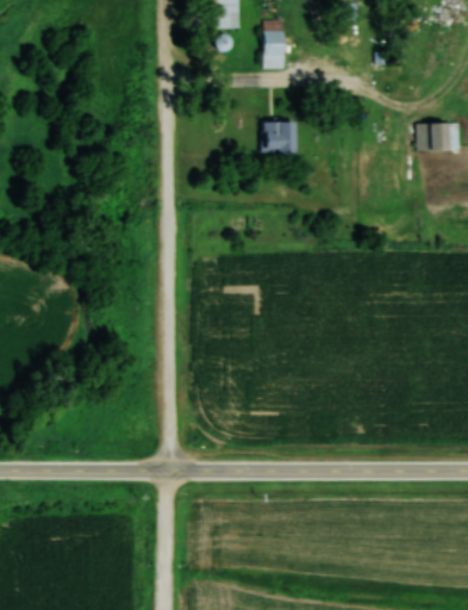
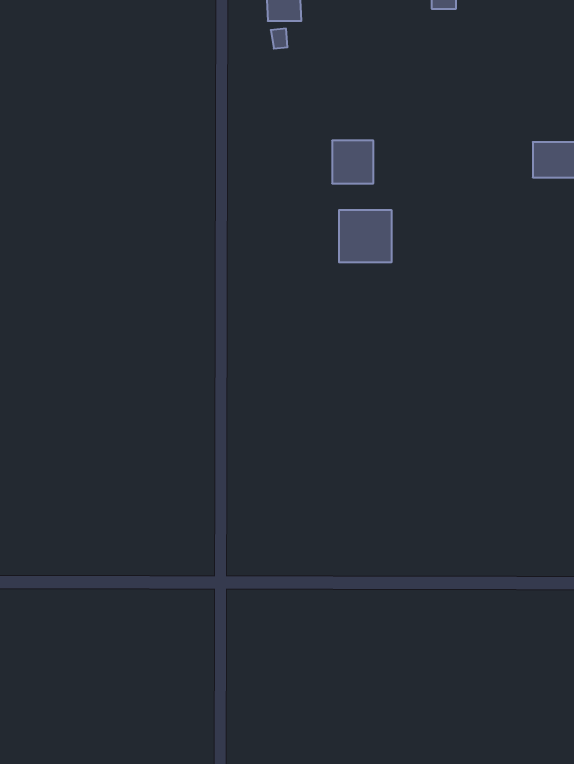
building: [264,19,285,68] -> none
building: none -> [339,210,391,262]

